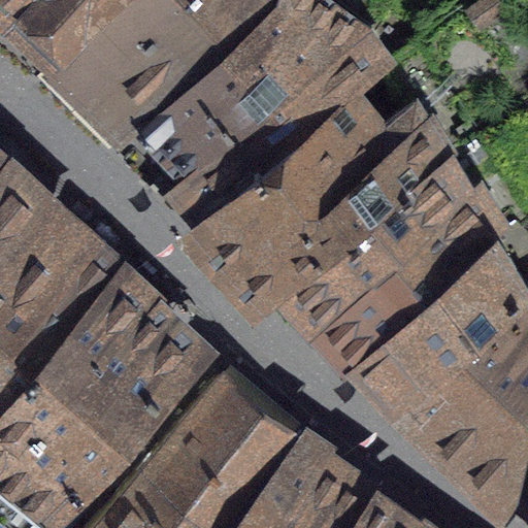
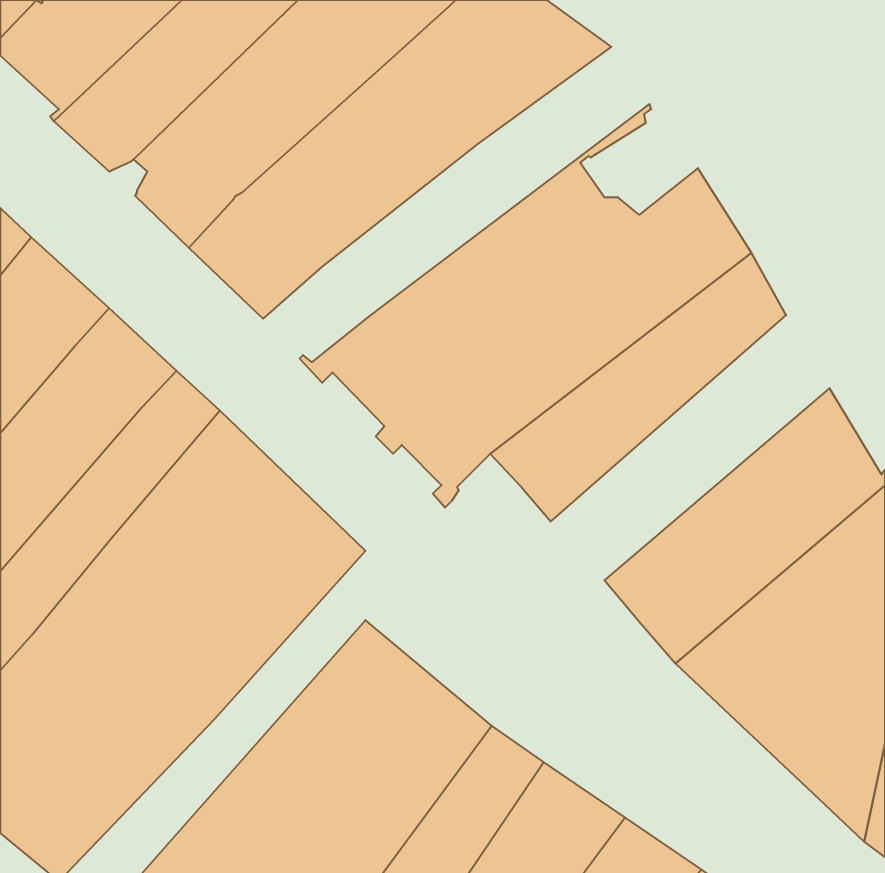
building: [157,35,387,223] -> none
building: [328,195,494,353] -> none

